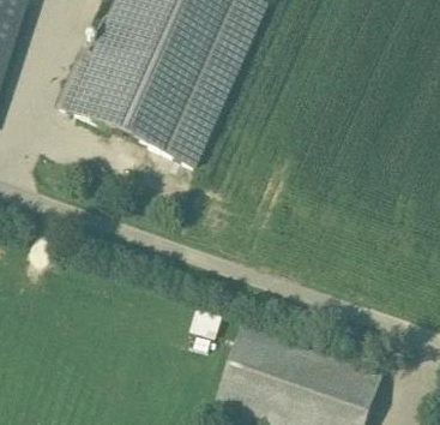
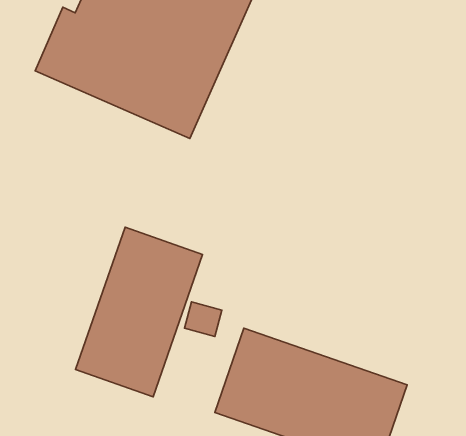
building: none -> [76,227,203,397]

